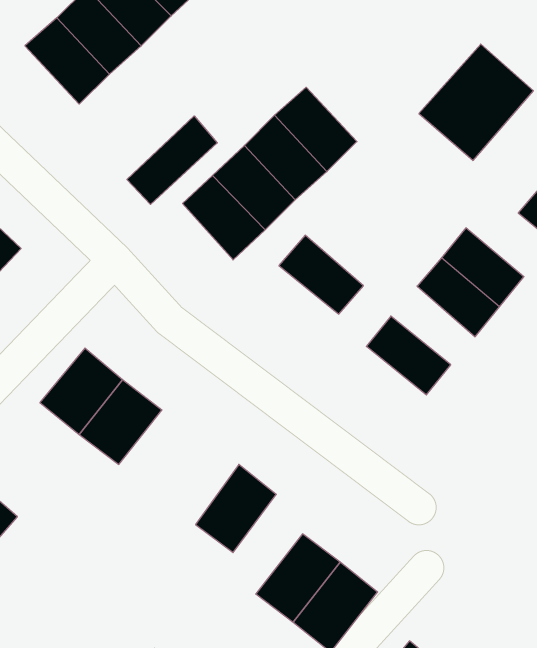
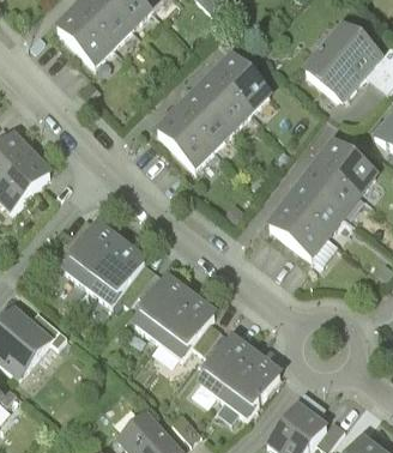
building: [127,116,217,204] -> none
building: [279,235,363,314] -> [290,185,344,235]
building: none -> [140,280,193,337]

